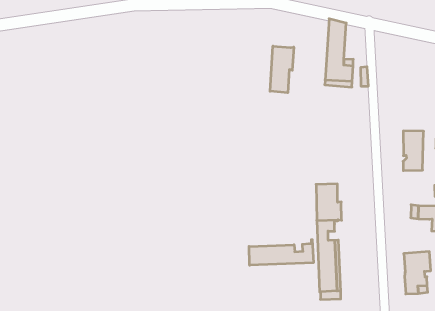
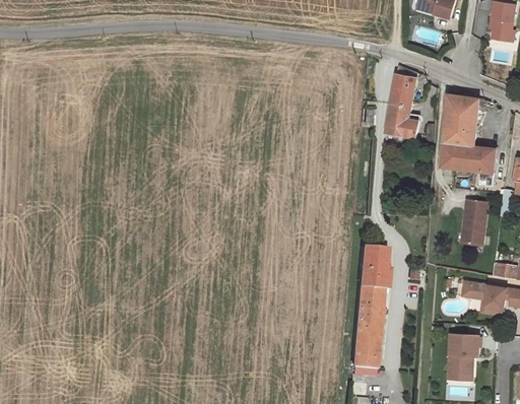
building: none -> [443,94,497,186]
building: [270,46,294,93] -> none
building: [249,240,313,265] -> none

